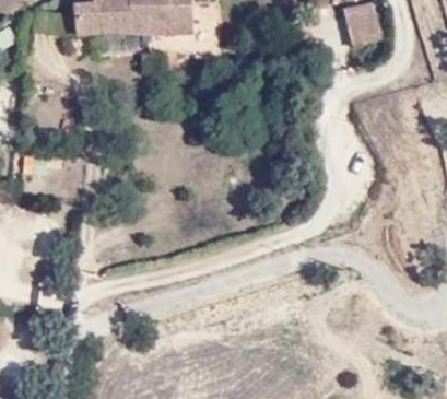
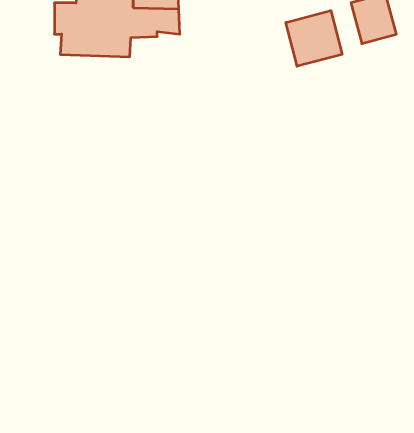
building: none -> [286,11,342,66]

